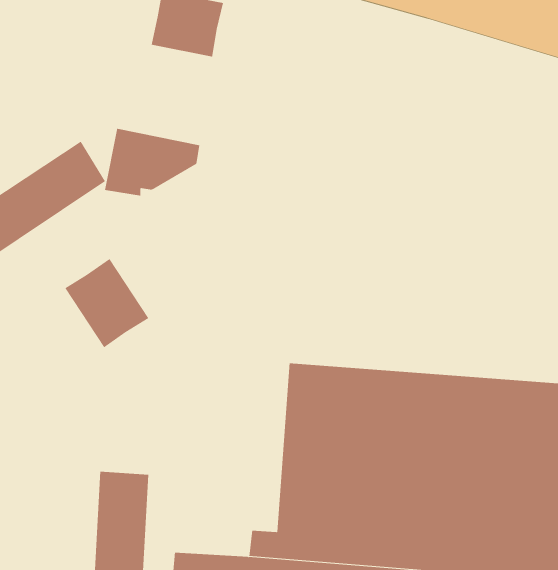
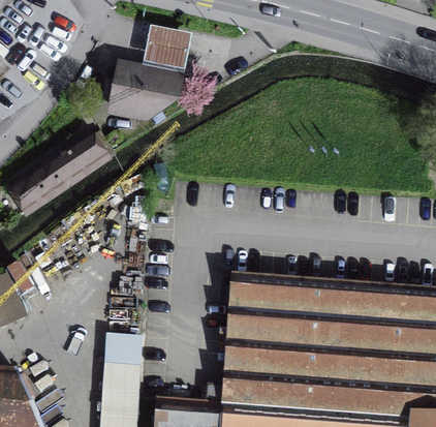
building: [104,128,200,196] -> [113,69,177,115]
building: [64,258,149,348] -> none

